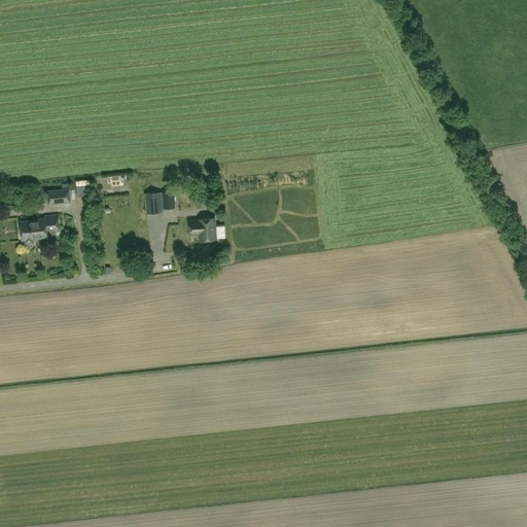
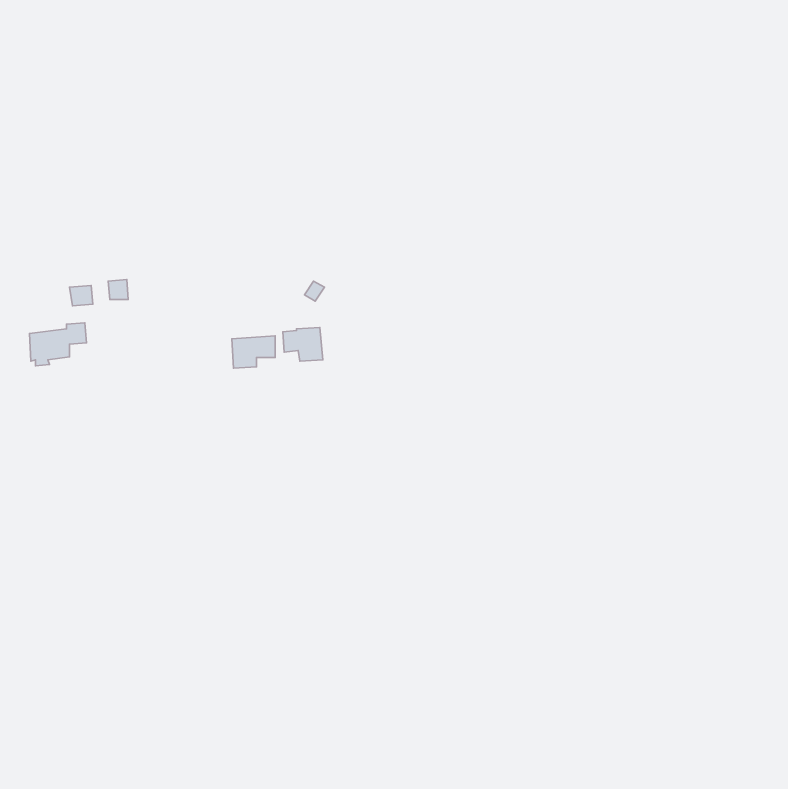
building: [145,192,174,214] -> [232,336,275,368]

